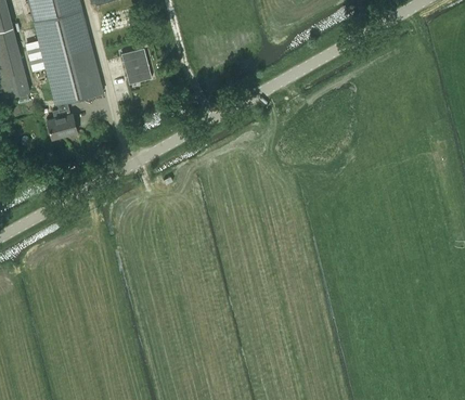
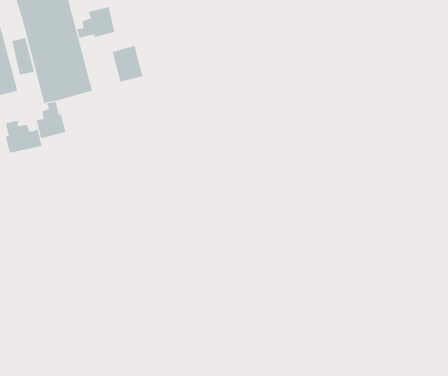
building: none -> [76,6,115,39]
building: none -> [5,120,42,154]

